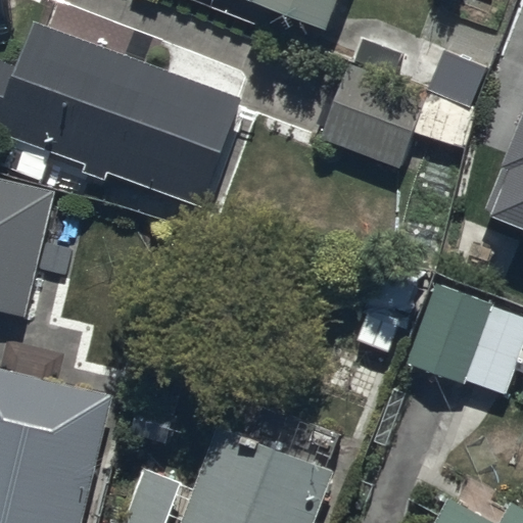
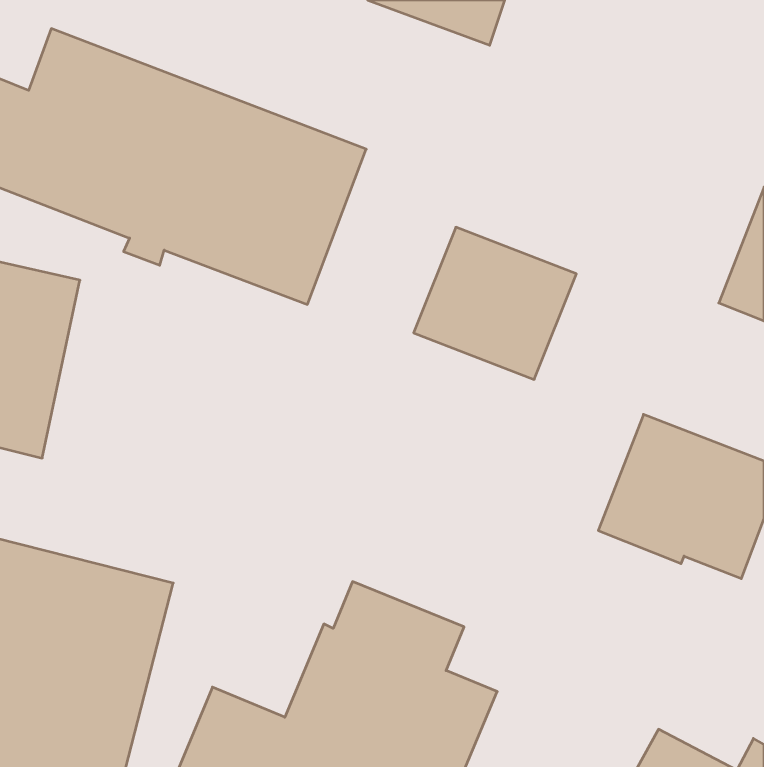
building: [319,65,429,169] -> [414,227,576,379]

